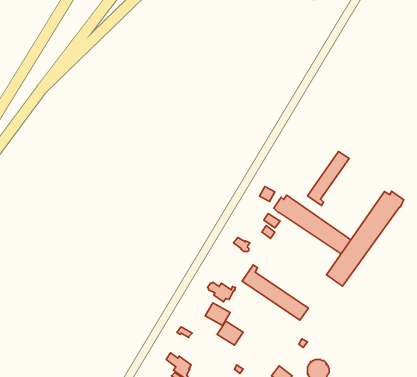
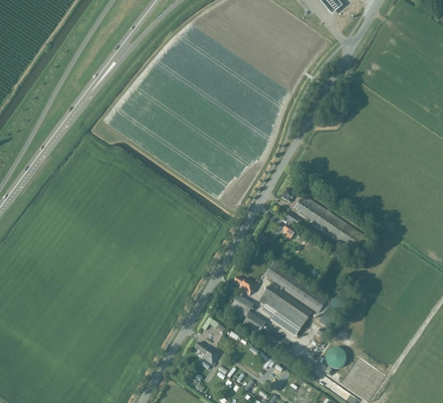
building: [308,151,349,206] -> none
building: [327,191,404,286] -> none
building: none -> [259,282,313,338]

